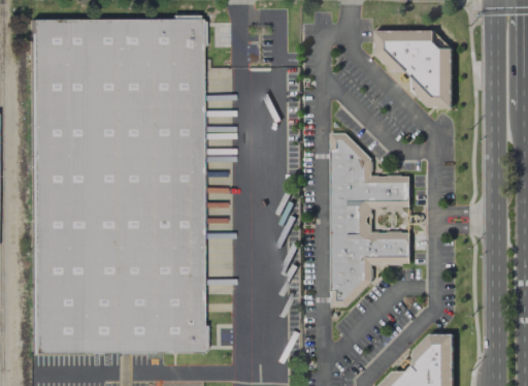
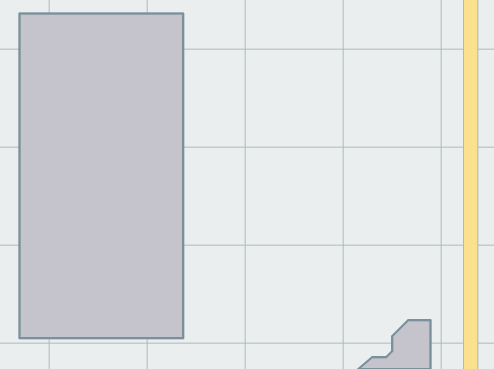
building: [377,30,454,107] -> none
building: [333,132,412,308] -> none

